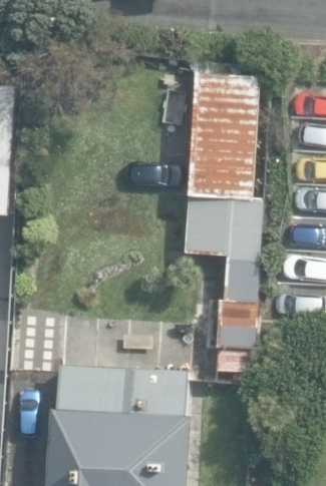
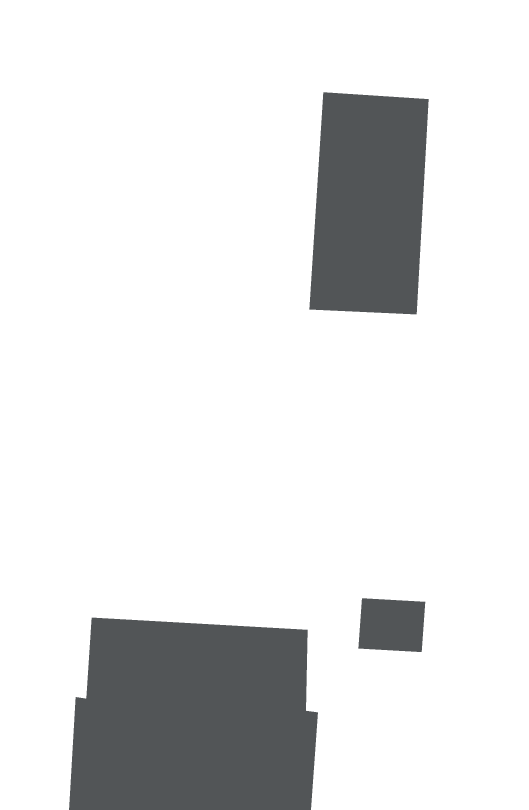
building: [184,194,258,345] -> none

